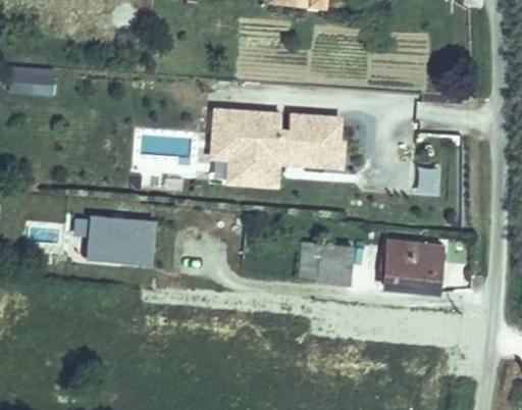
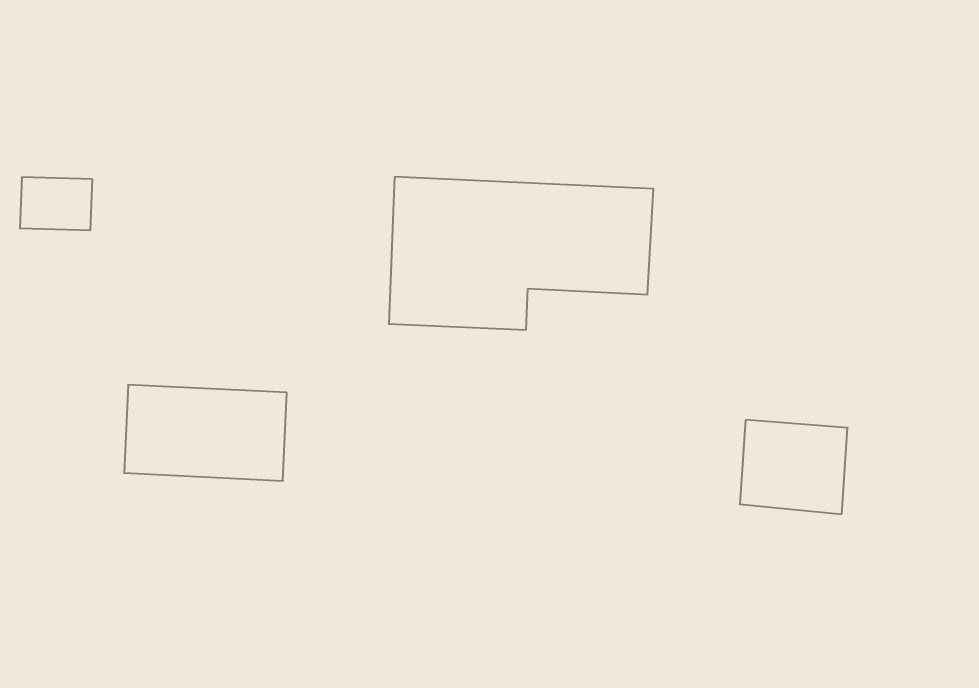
building: [15,67,53,95] -> [20,177,92,230]
building: [300,242,356,277] -> none

